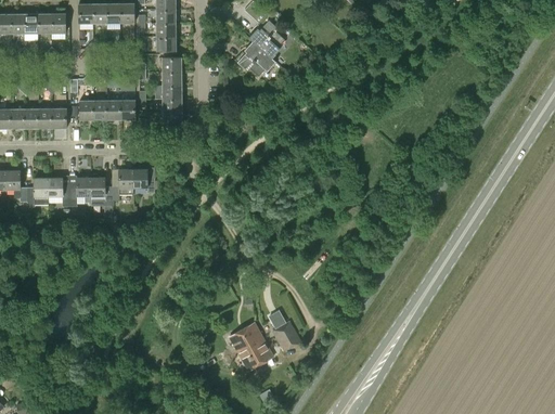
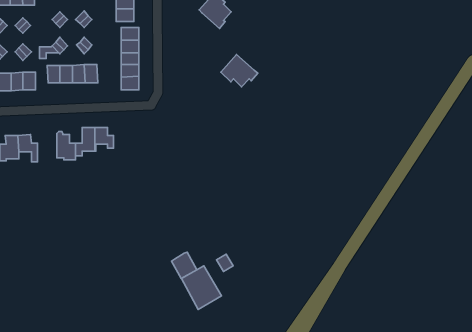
building: [234,41,275,77] -> [221,55,258,87]
building: [68,177,90,207] -> none
building: [272,322,300,351] -> [172,252,197,279]

